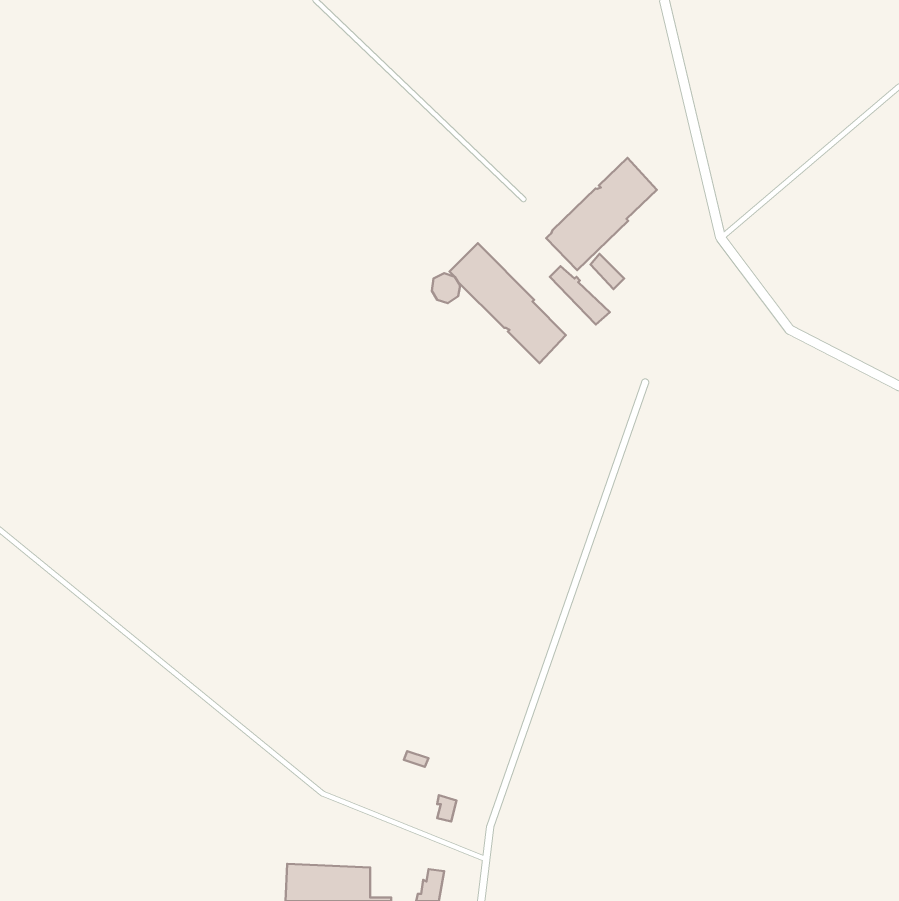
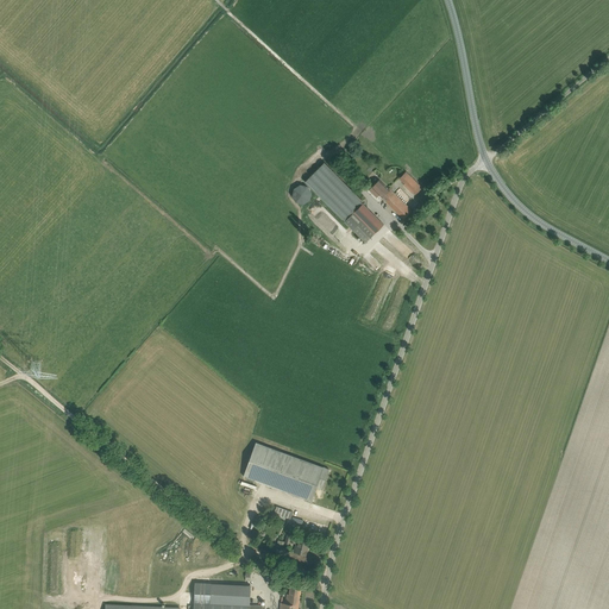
building: [546,158,657,270] -> none
building: none -> [243,442,328,501]

